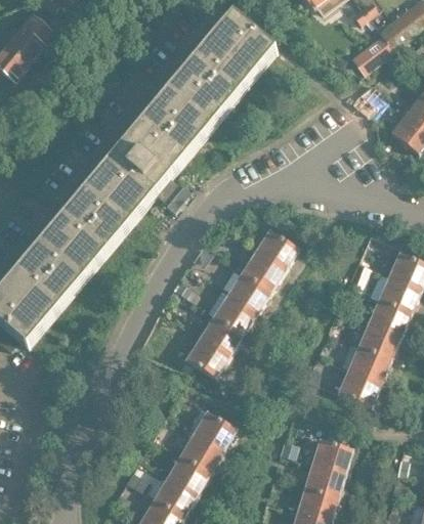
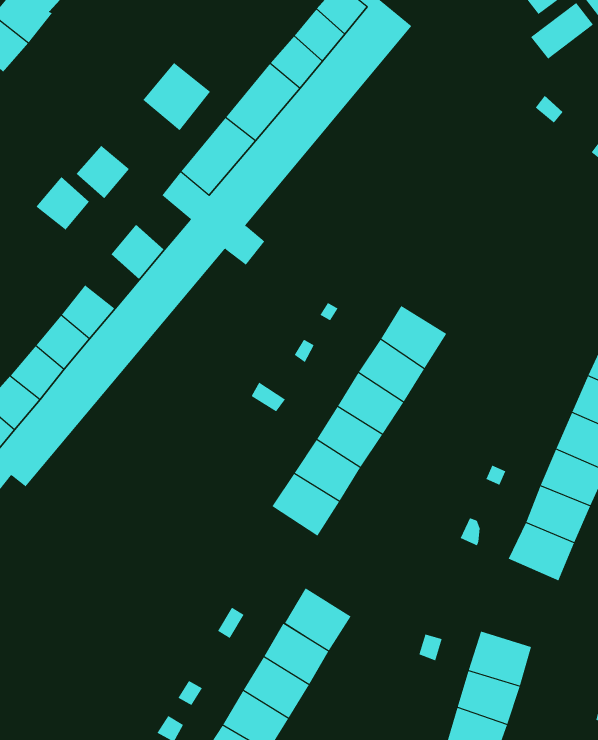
building: none -> [142,62,211,131]
building: [98,158,133,192] -> [76,145,130,199]
building: [66,195,100,230] -> [36,176,90,231]

